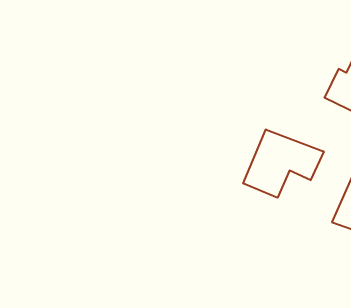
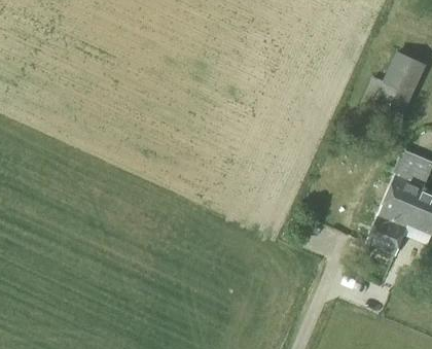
building: [243,129,324,198] -> none

